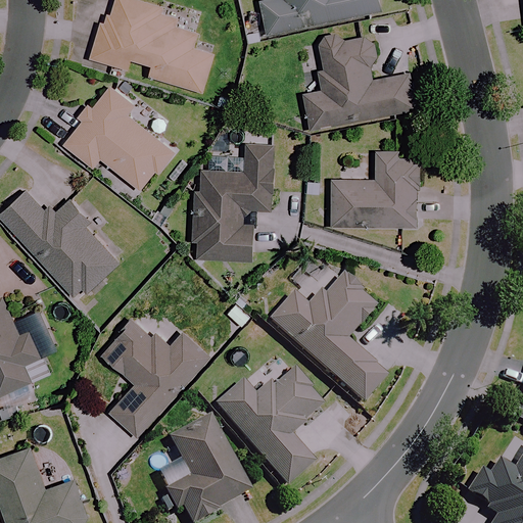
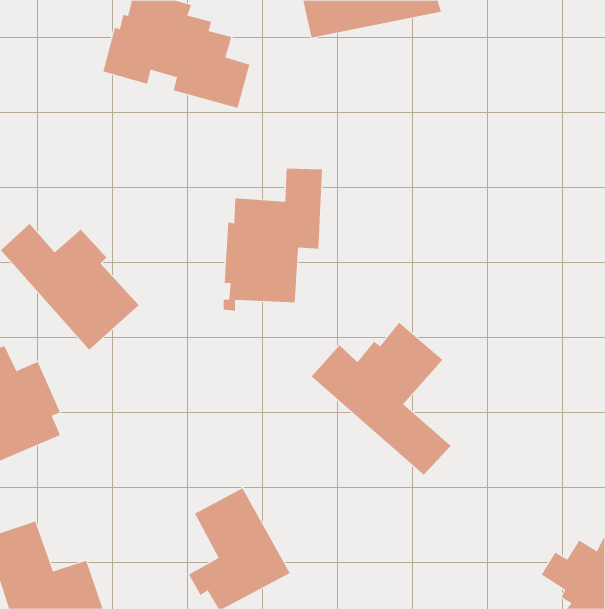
building: [303,33,416,128] -> none
building: [63,85,173,191] -> none
building: [332,154,418,228] -> none
building: [102,321,207,435] -> none
building: [213,373,323,489] -> none

